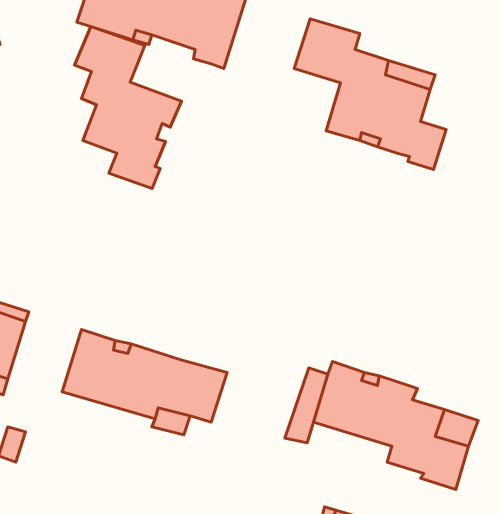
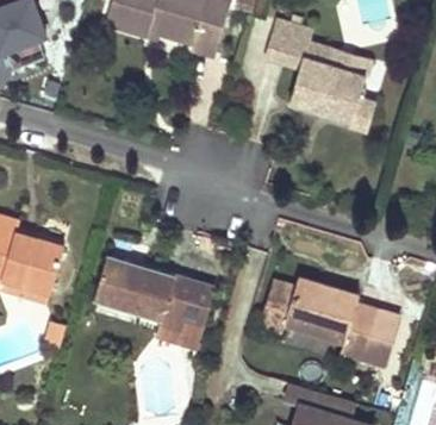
building: [74,27,182,189] -> none

